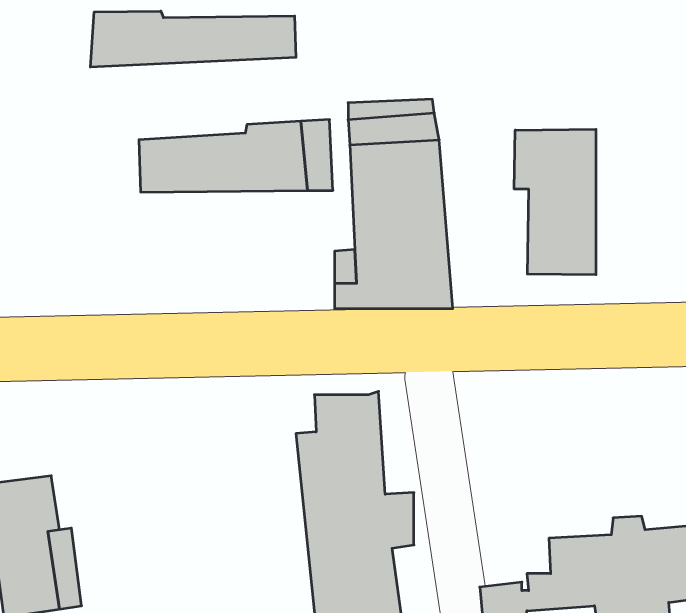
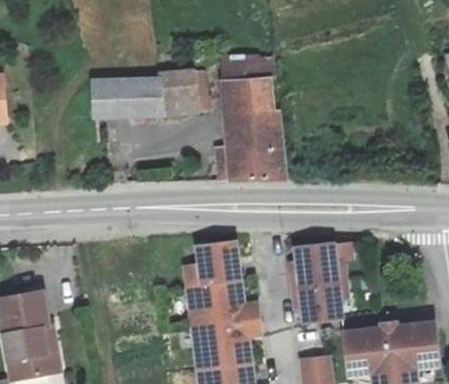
building: [90,11,296,67] -> none
building: [514,129,596,275] -> none
building: none -> [290,238,349,318]

